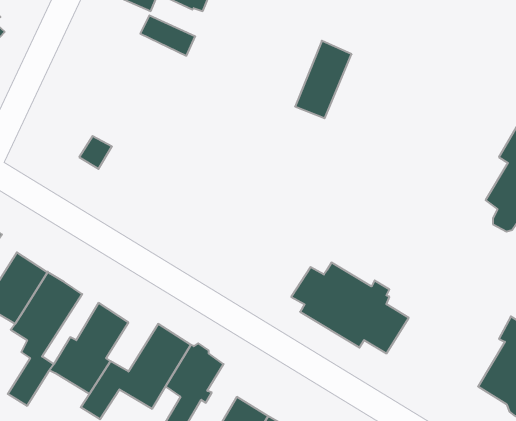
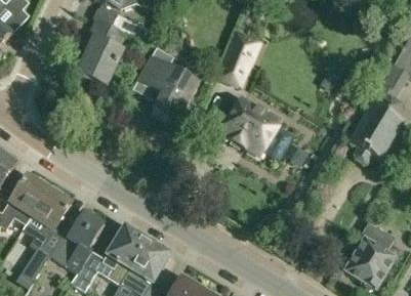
building: none -> [79,22,124,85]
building: none -> [133,47,199,120]
building: [291,263,409,353] -> [214,98,295,161]

